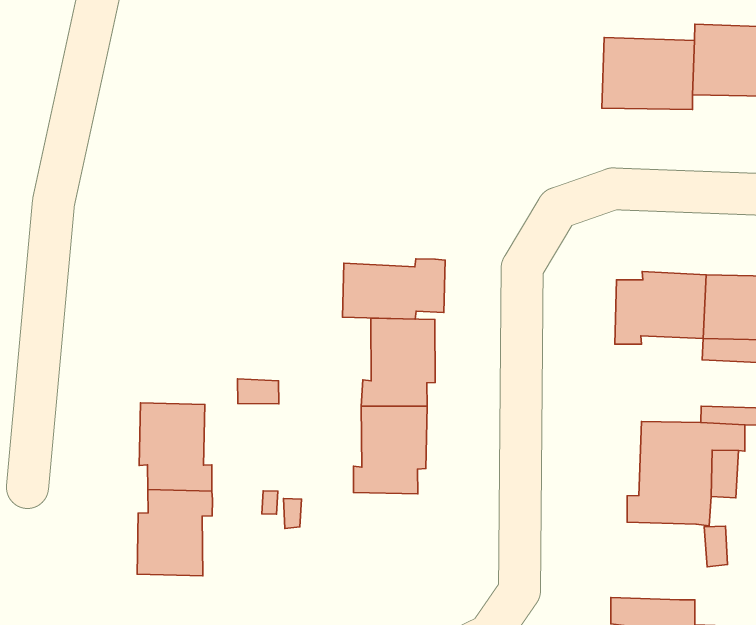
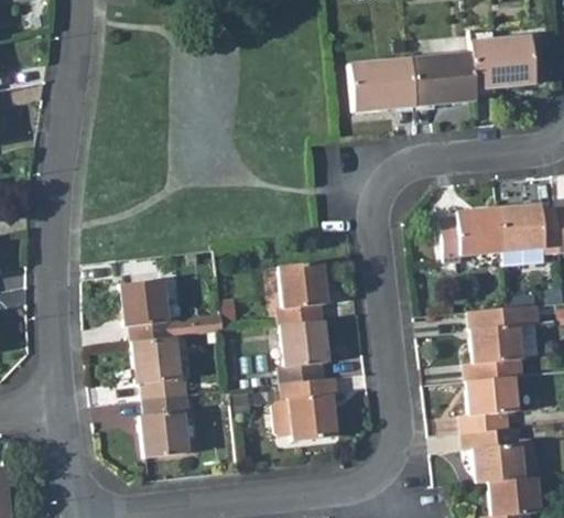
building: none -> [350,58,416,111]
building: [343,259,445,319] -> none
building: none -> [121,279,176,342]
building: none -> [274,378,338,441]
building: none -> [463,376,518,432]

